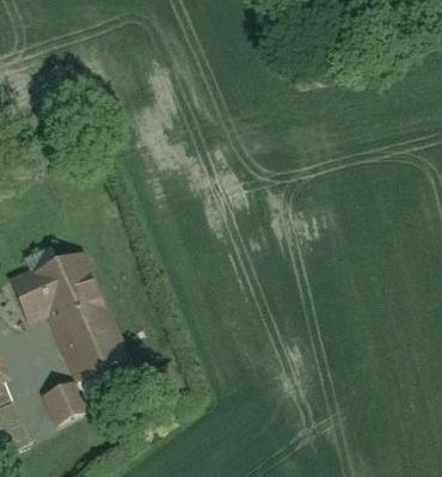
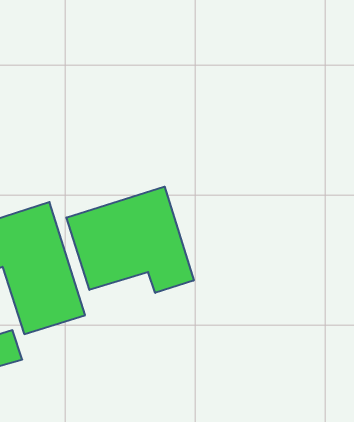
building: none -> [66,187,194,293]

